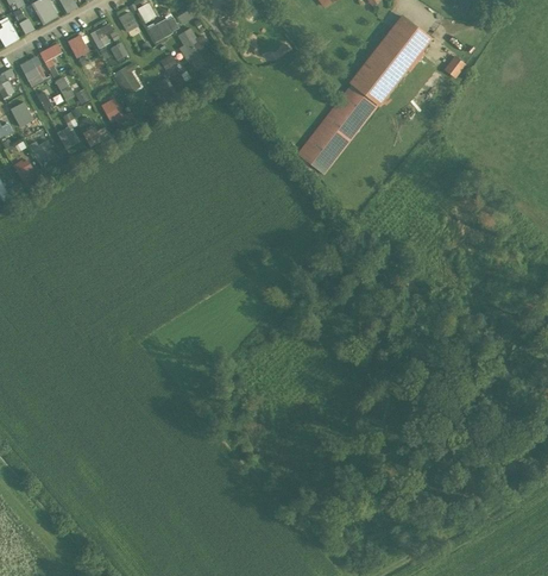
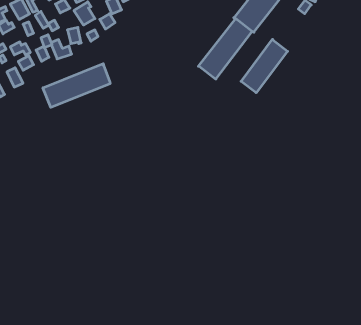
building: none -> [241,39,288,93]
building: none -> [43,64,110,107]

